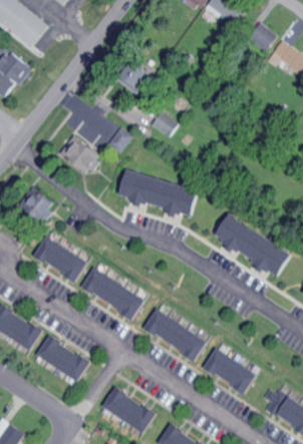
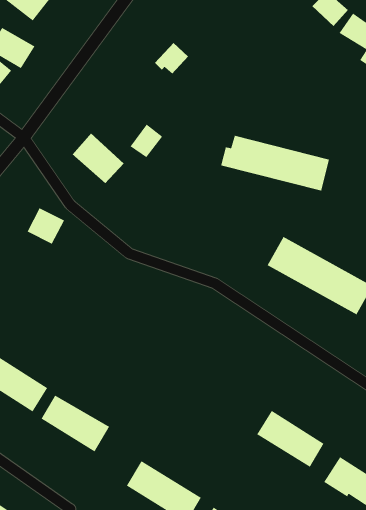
building: [149,111,177,137] -> none
building: [115,171,201,215] -> [220,135,330,191]
building: [33,237,88,282] -> none
building: [80,268,145,319] -> none
building: [144,310,208,360] -> none

